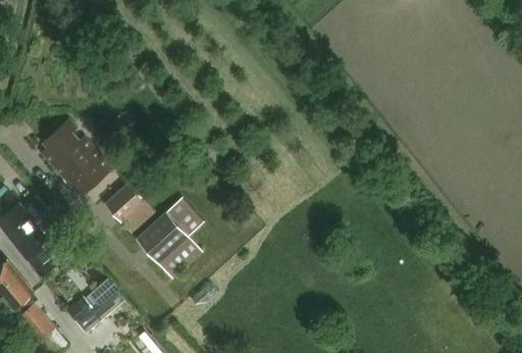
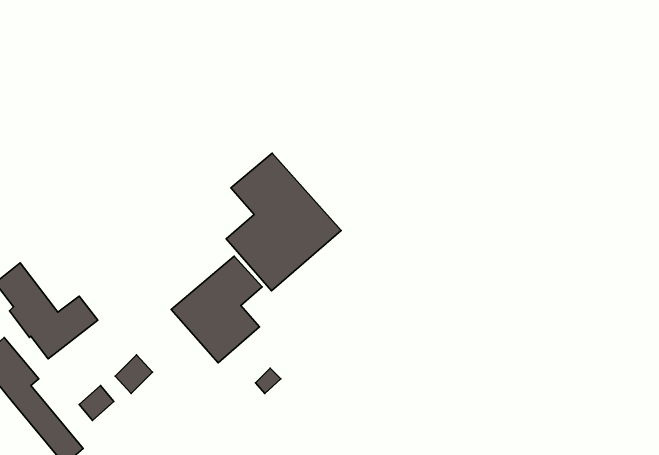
building: none -> [226,153,341,291]
building: [43,120,111,196] -> none
building: [104,182,155,234] -> none

